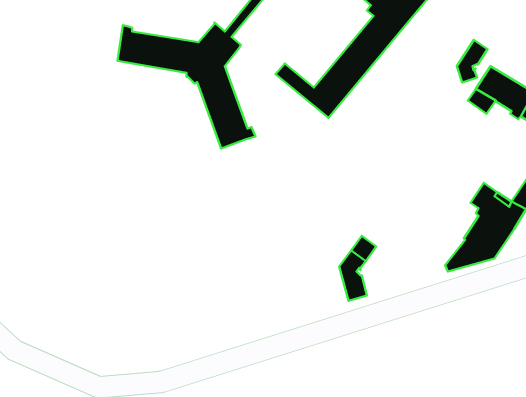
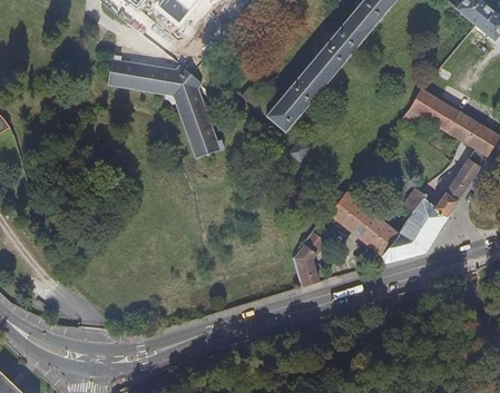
building: [457,40,488,83] -> none
building: none -> [329,191,399,256]

